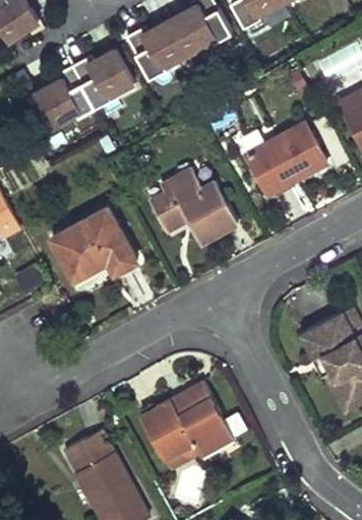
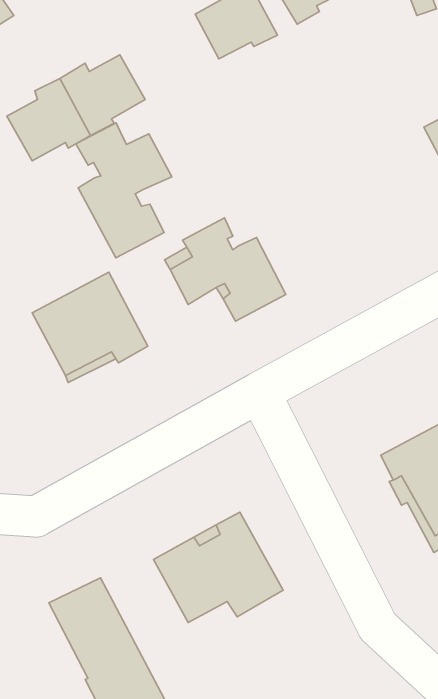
building: [126,20,188,79] -> none
building: none -> [76,123,172,258]
building: [247,123,326,194] -> none

